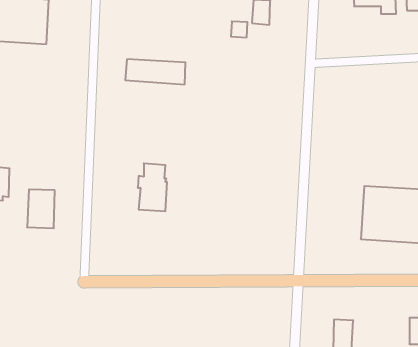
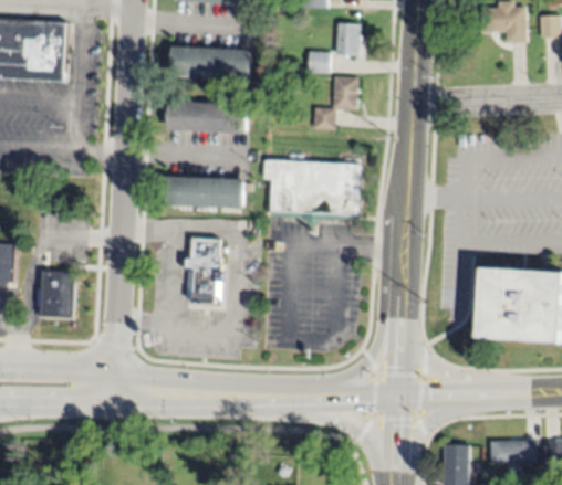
building: none -> [171,45,250,77]
building: none -> [313,76,357,128]
building: none -> [264,158,361,225]
building: none -> [166,176,243,207]
building: none -> [490,440,535,463]

